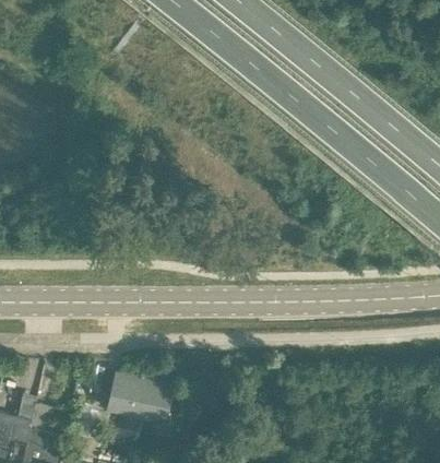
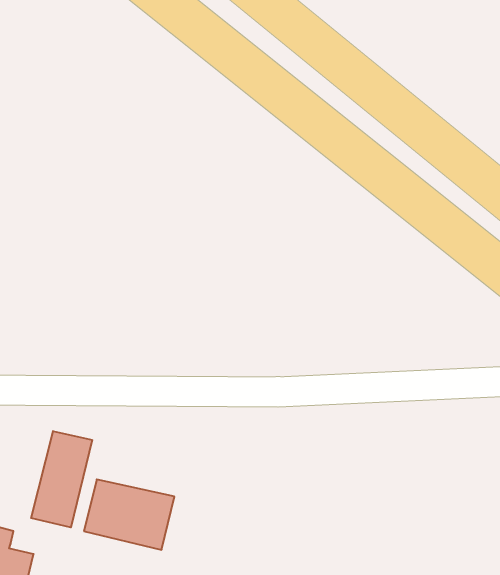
building: none -> [31,431,92,527]

